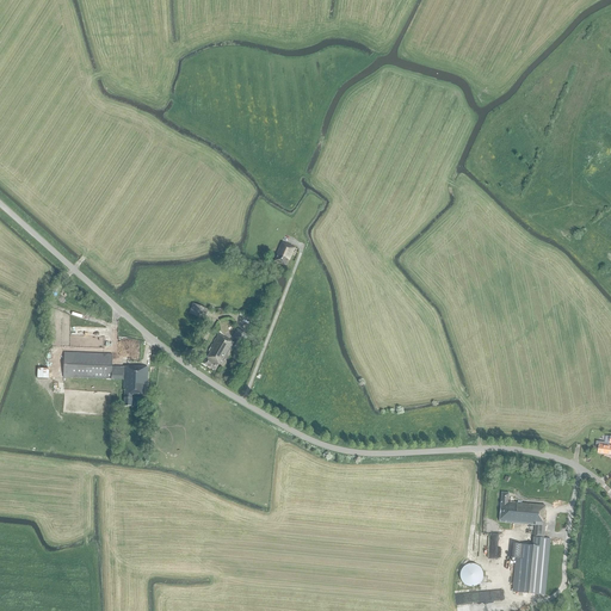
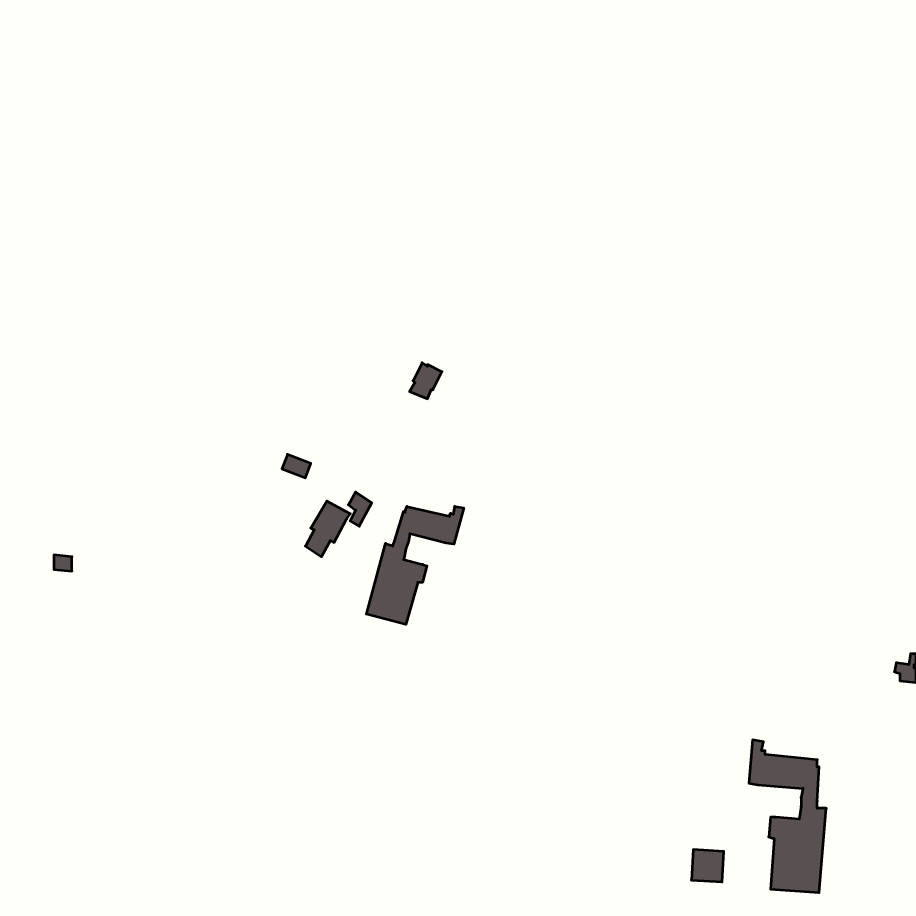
building: none -> [366,506,464,624]
building: [62,351,147,405] -> none

